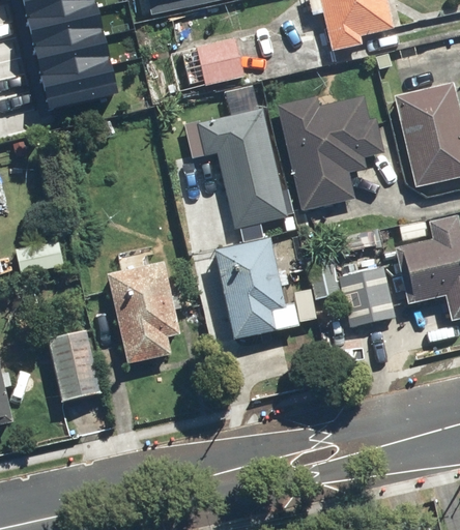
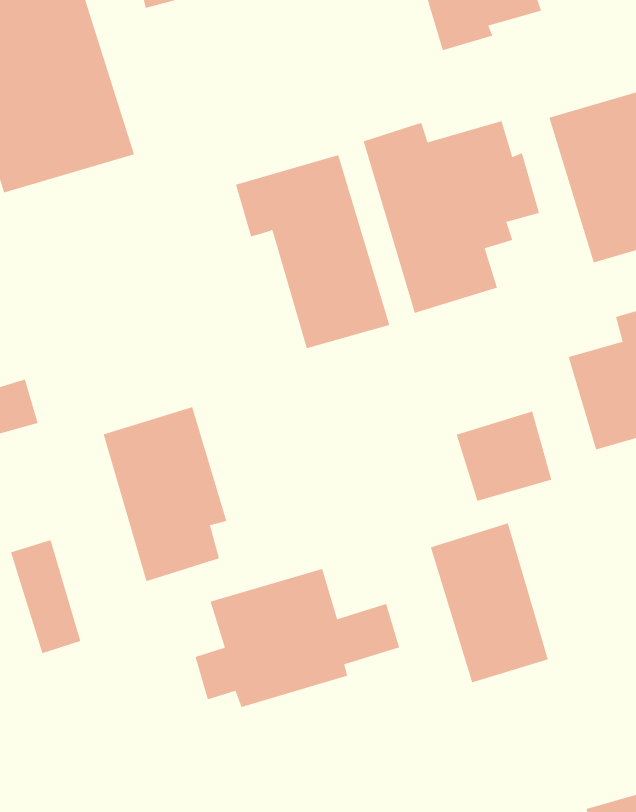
building: [180,37,245,89] -> none
building: [212,235,289,341] -> none
building: none -> [430,523,549,683]
building: none -> [195,568,400,708]

